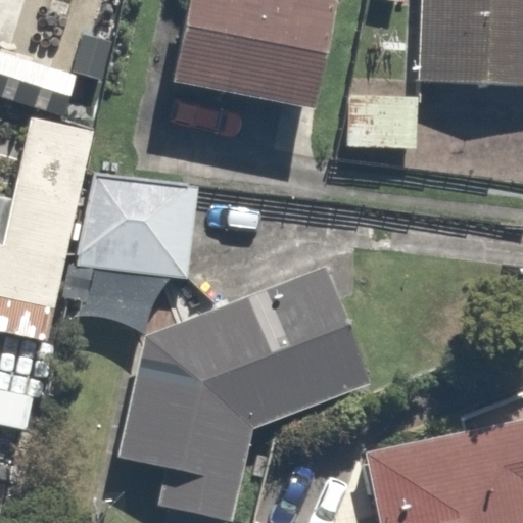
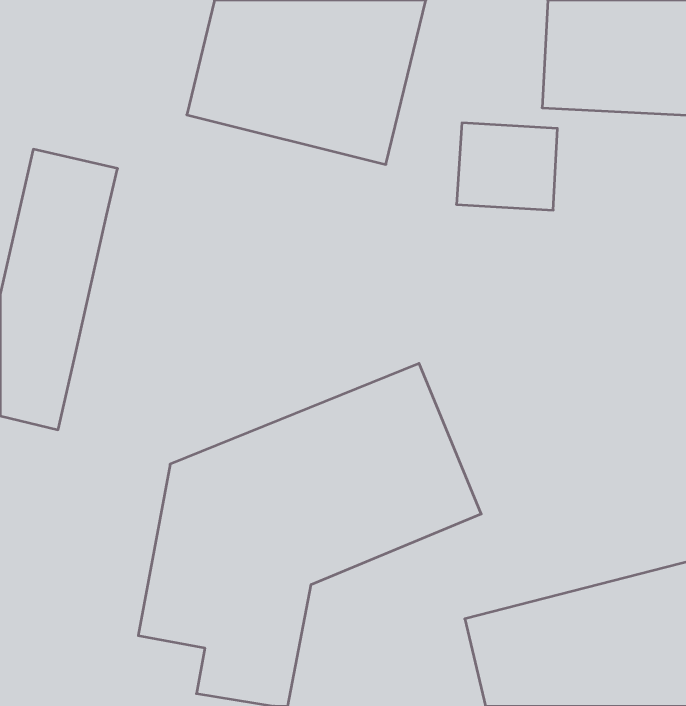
building: [72,159,205,285] -> none

